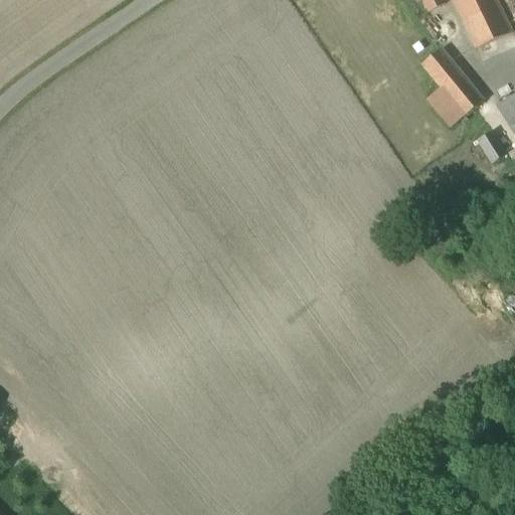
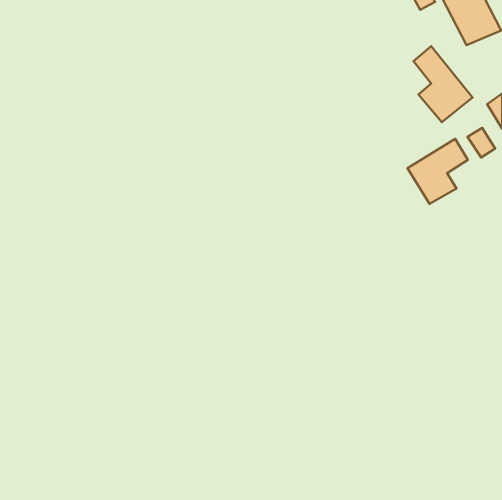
building: none -> [407,139,468,204]

